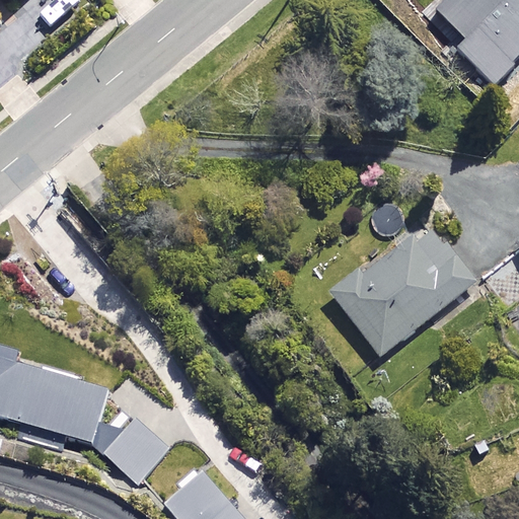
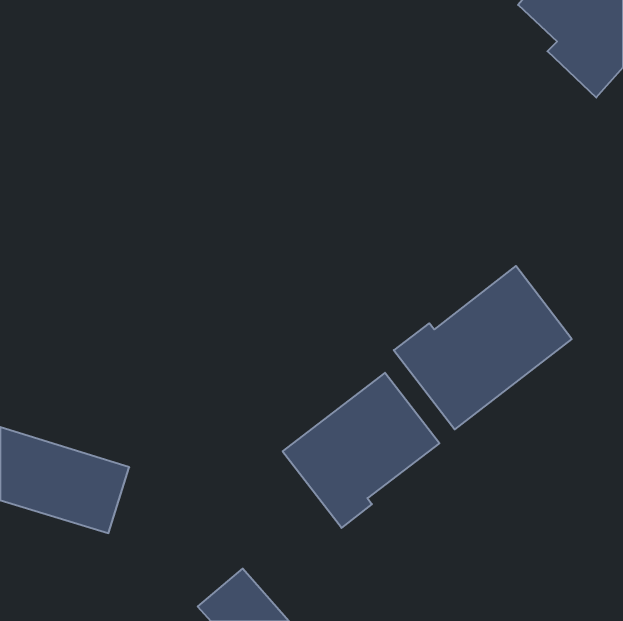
building: none -> [283,373,439,528]
building: [104,421,165,483] -> none

